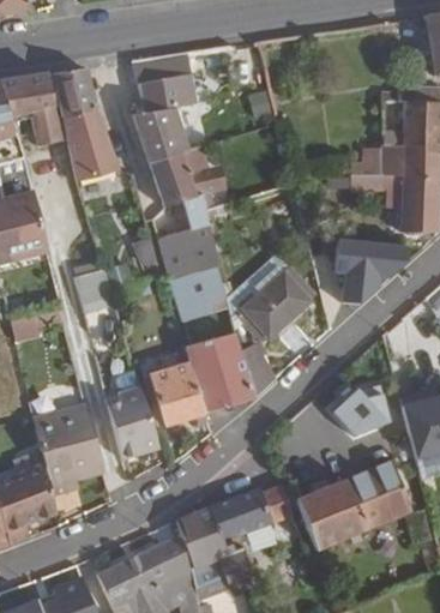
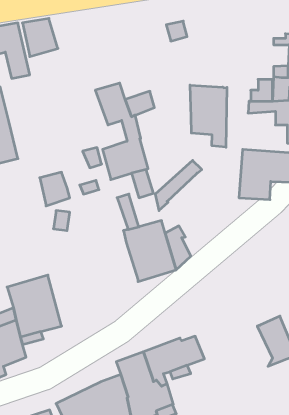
building: [132,55,195,161] -> none
building: [61,106,117,181] -> none
building: none -> [190,85,227,147]
building: [242,270,309,337] -> none
building: [147,361,204,425] -> none
building: [107,385,158,458] -> none
building: [342,392,388,433] -> none
building: [295,471,381,549] -> none

